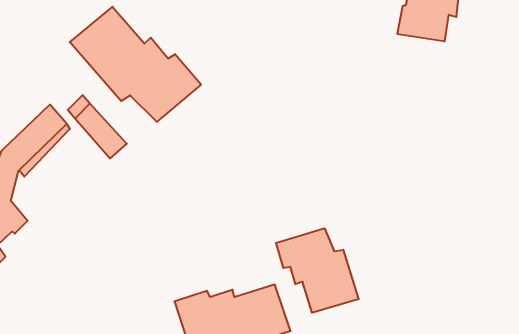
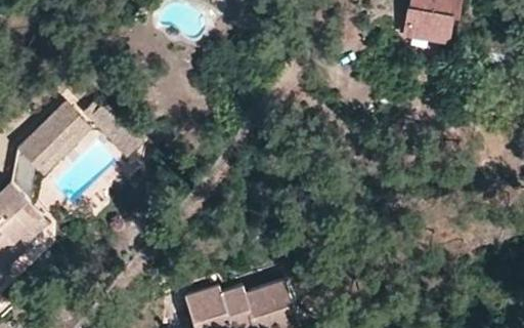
building: [70,7,201,122] -> none
building: [276,228,359,313] -> none

